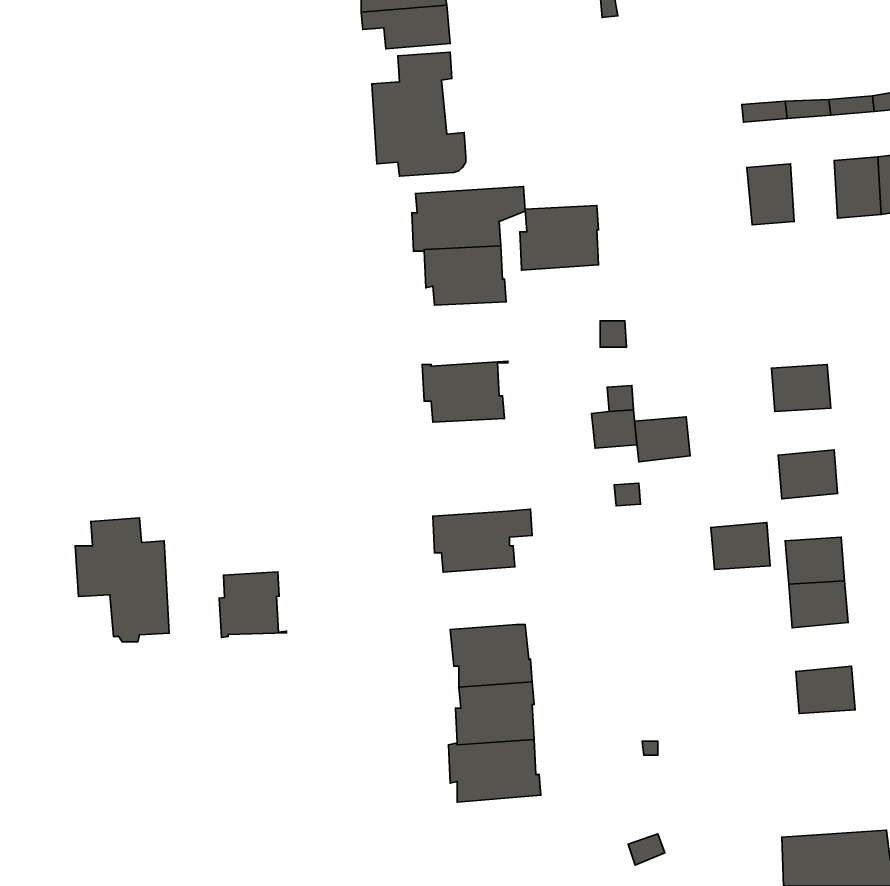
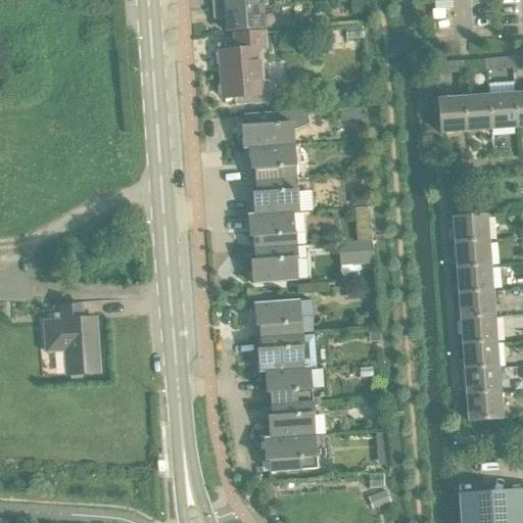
building: none -> [464,94,491,130]
building: [520,206,598,270] -> [252,177,298,215]
building: none -> [455,239,489,267]
building: [635,417,690,462] -> none
building: none -> [251,245,296,281]
building: [711,522,770,569] -> [459,289,493,317]
building: none -> [257,332,316,370]
building: [219,572,287,637] -> none
building: none -> [465,365,500,393]

